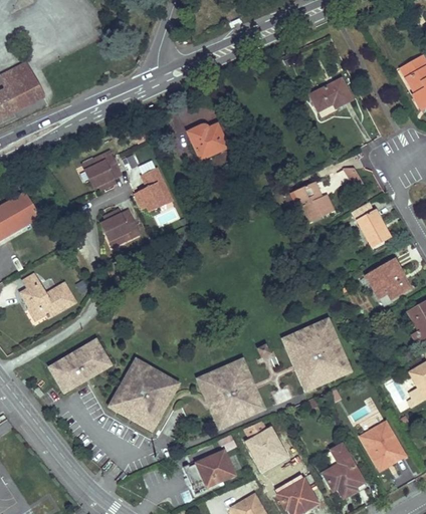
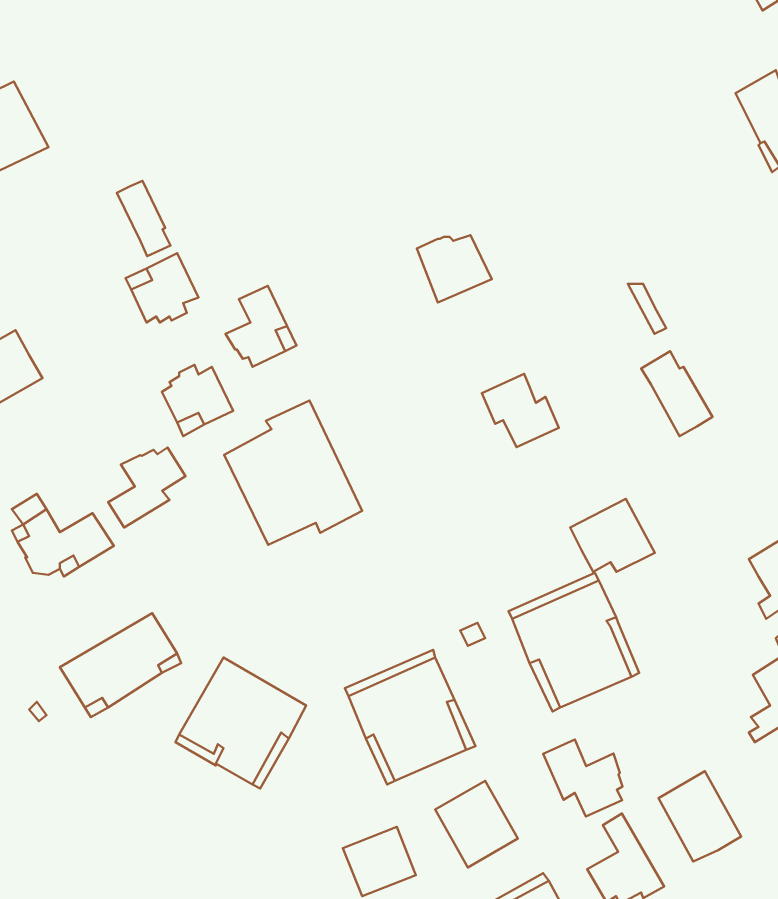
building: [310,79,351,110] -> none
building: none -> [117,181,170,256]
building: [188,124,227,160] -> [417,235,492,302]
building: [292,182,333,220] -> [482,374,559,447]
building: none -> [224,400,362,545]
building: none -> [108,447,185,527]
building: [366,259,410,297] -> [570,499,655,572]
building: none -> [543,739,622,816]

